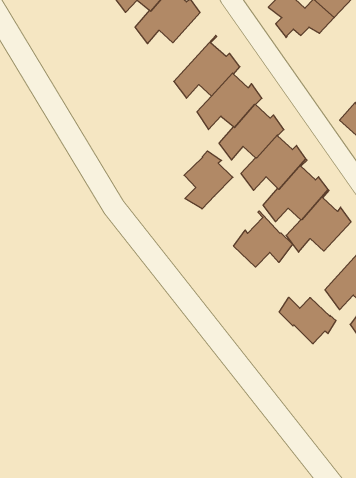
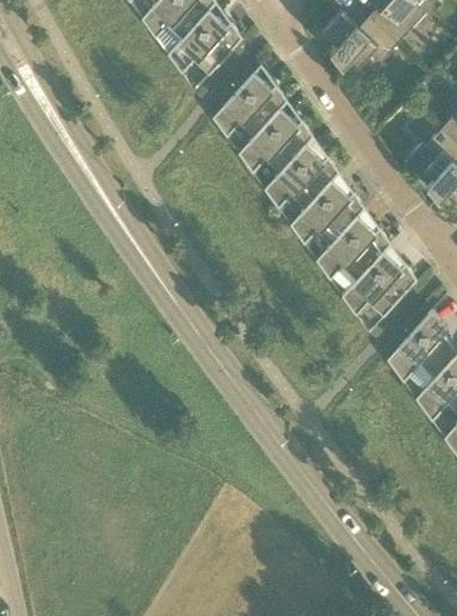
building: [184,151,233,209] -> none
building: [234,211,293,267] -> none
building: [279,297,336,344] -> none

